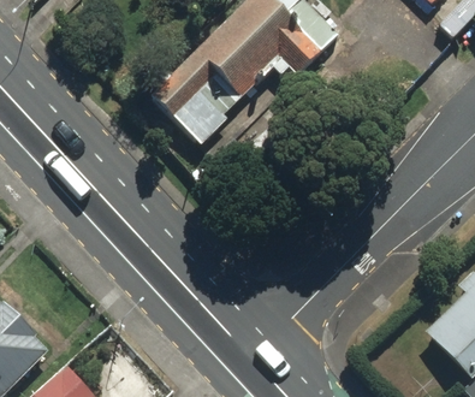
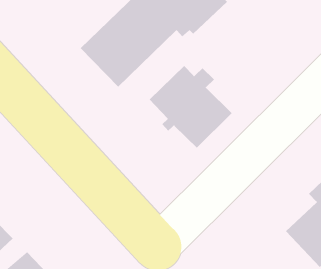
building: none -> [149,65,232,149]

